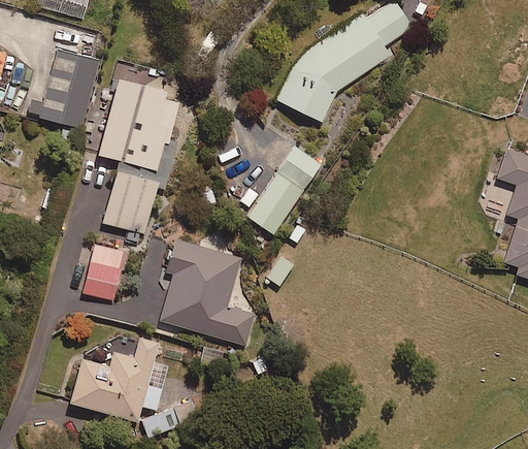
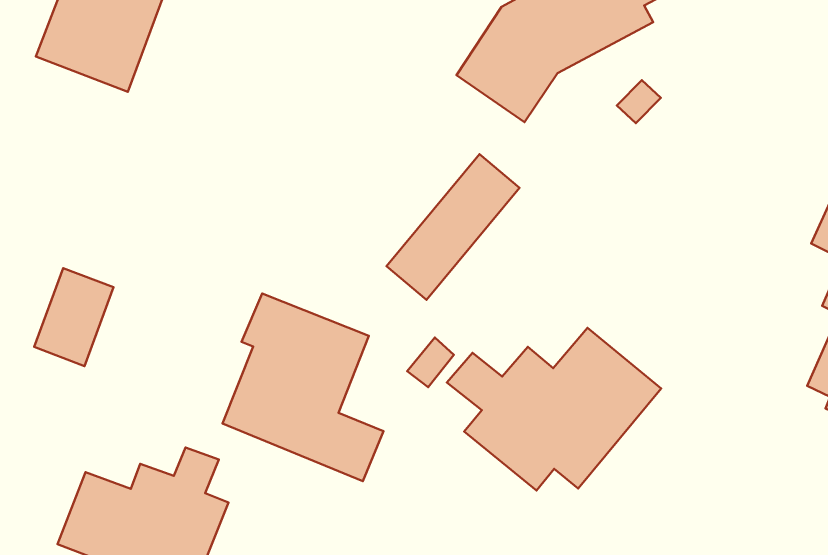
building: [96,77,178,243] -> none
building: none -> [447,328,661,491]
building: [82,245,126,301] -> [34,268,113,366]

